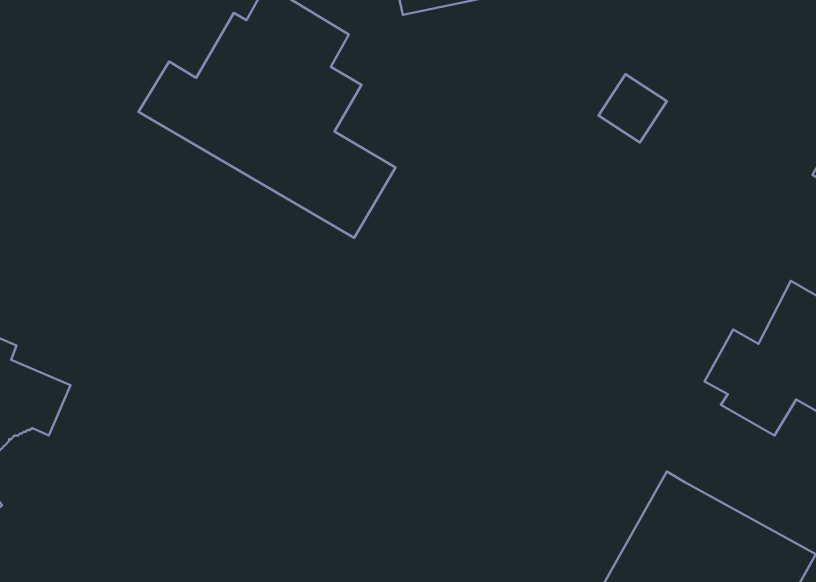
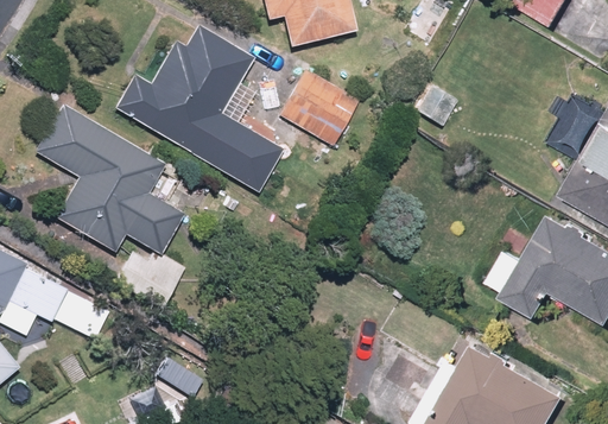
building: none -> [280,71,359,145]
building: none -> [40,103,185,306]

